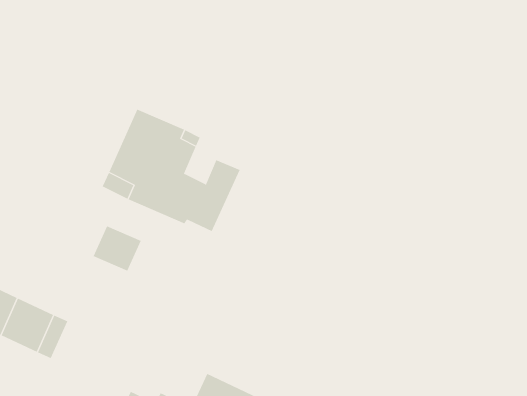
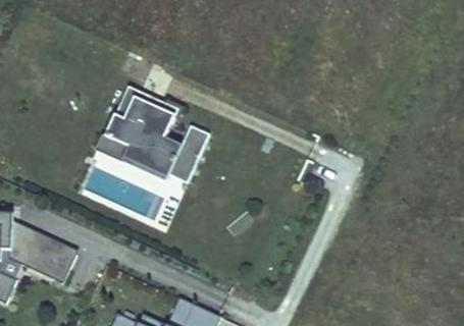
building: [93,225,141,271] -> none

